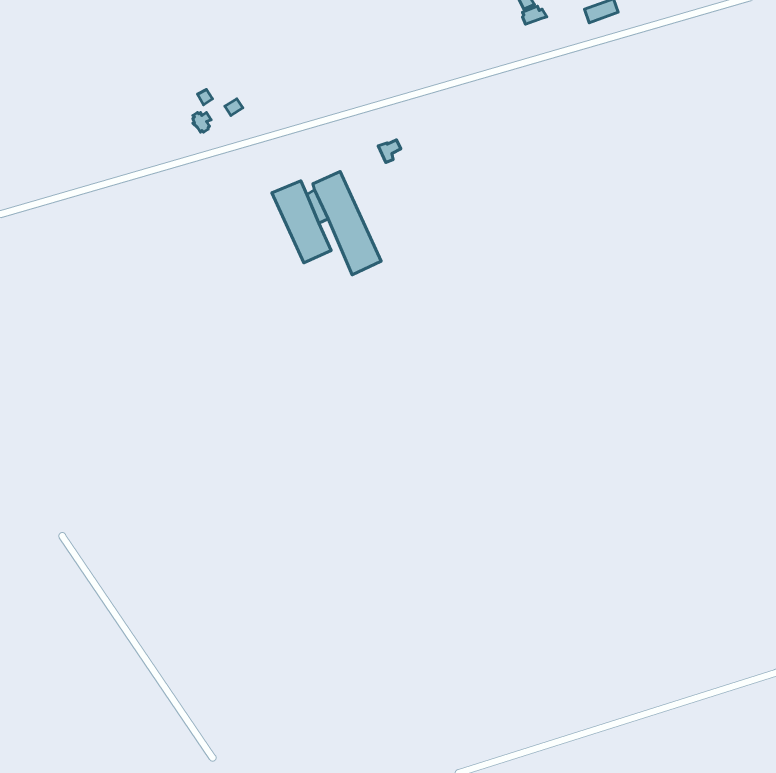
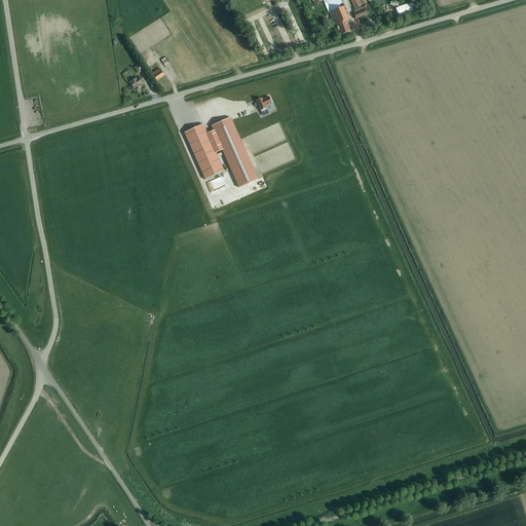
building: none -> [329,4,350,33]

